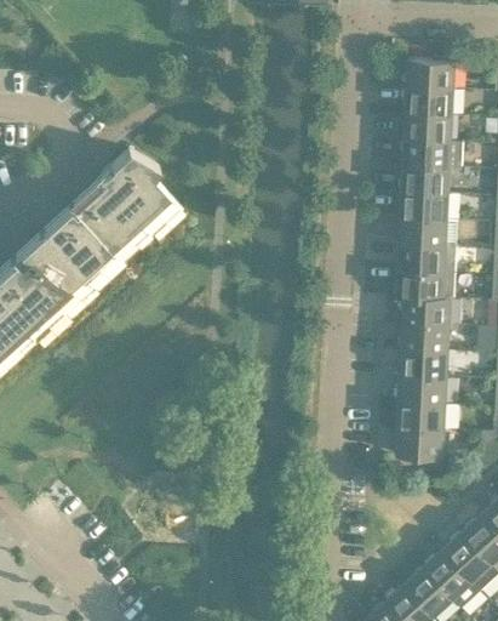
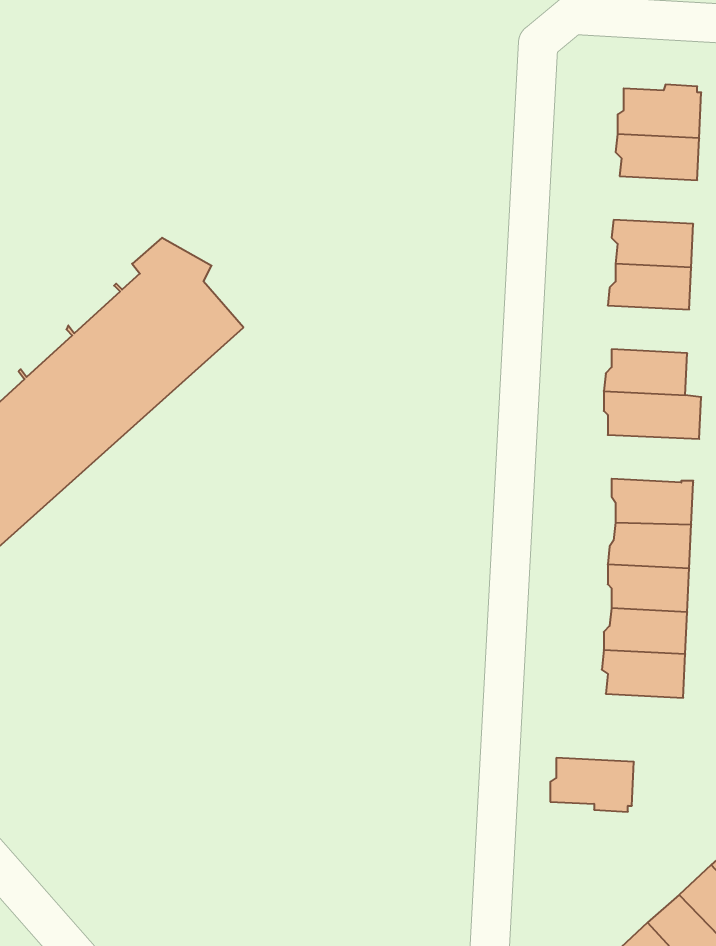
building: [402,114,453,143] -> none
building: [399,193,448,222] -> none
building: [394,272,454,301] -> none
building: [394,429,445,462] -> [550,758,634,812]

